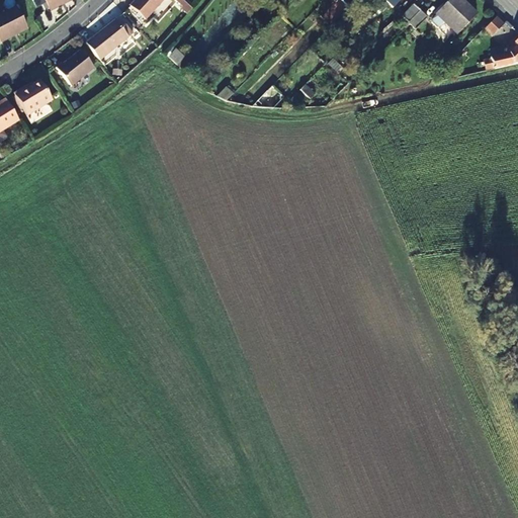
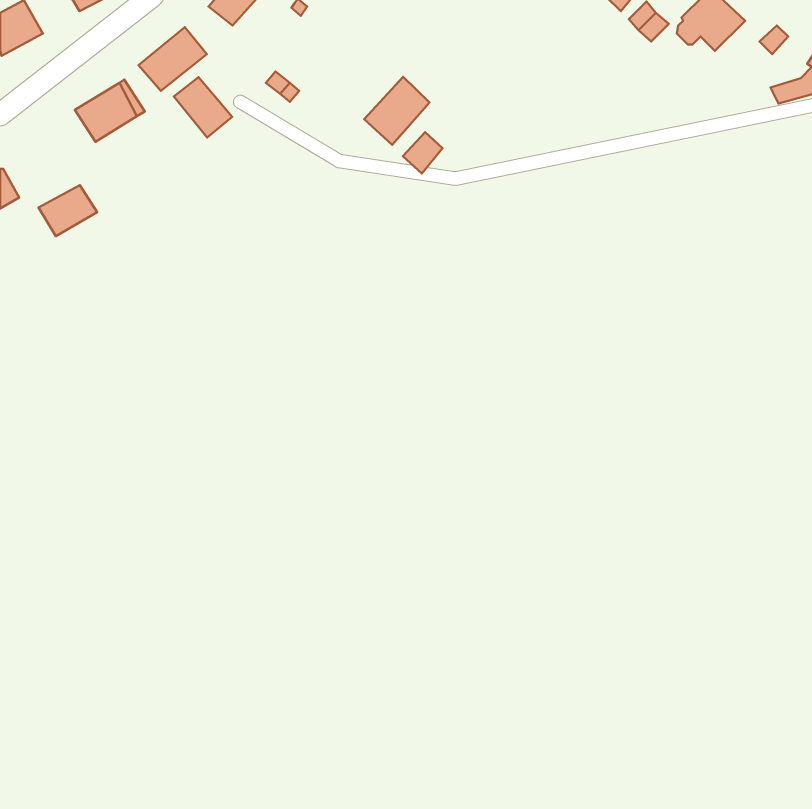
building: none -> [364,77,429,145]
building: none -> [174,77,232,137]
building: [18,81,56,113] -> [38,185,97,236]

